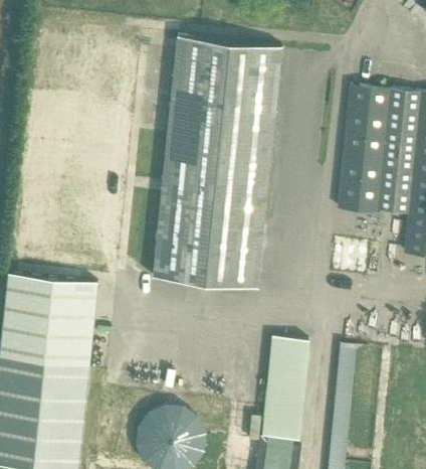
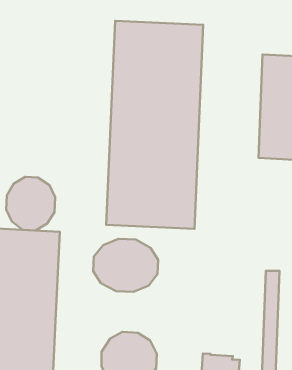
building: none -> [6,177,55,230]
building: none -> [93,239,158,292]
building: [261,335,309,440] -> none

